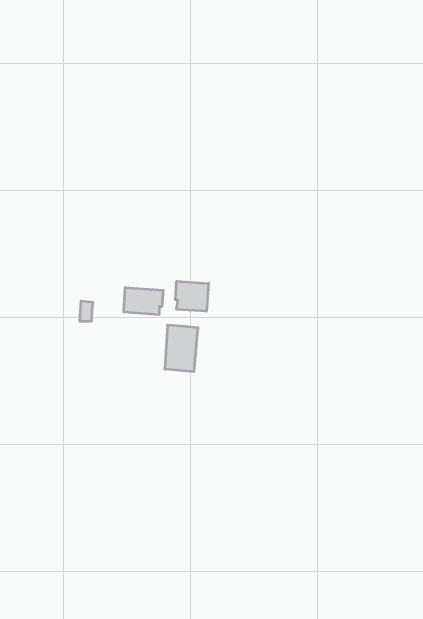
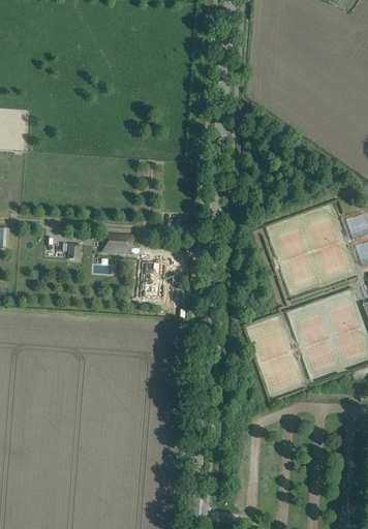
building: [175,281,209,311] -> none

